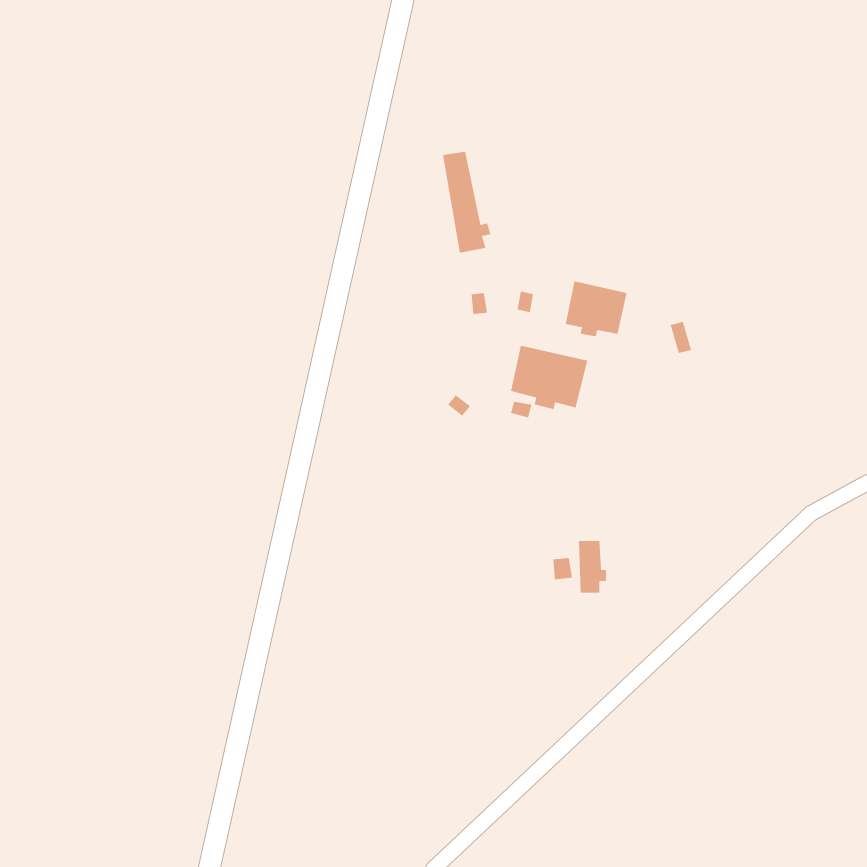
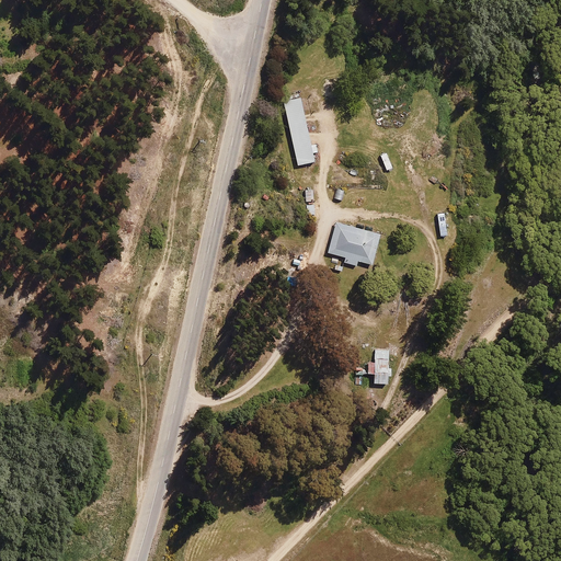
building: [565,280,627,337] -> none

